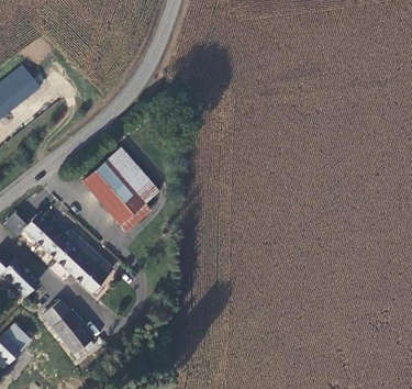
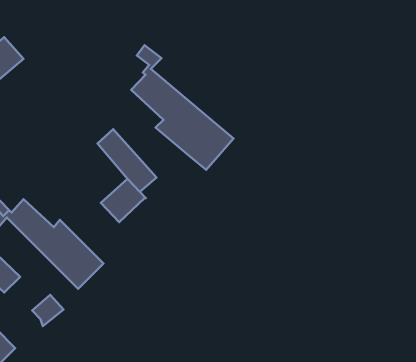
building: none -> [131,45,234,170]
building: [81,160,133,214] -> none
building: [56,311,96,349] -> none

